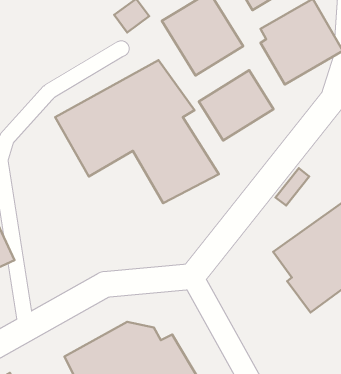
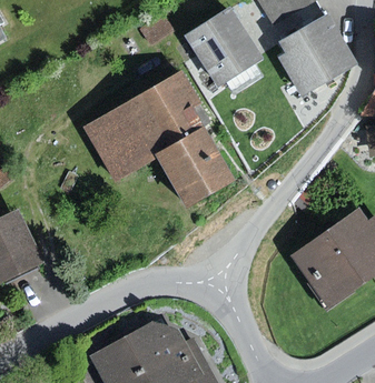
building: [199,70,274,140] -> none

